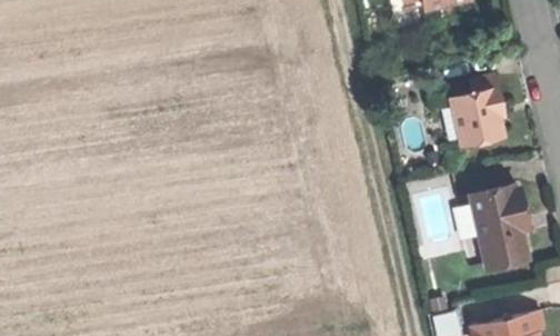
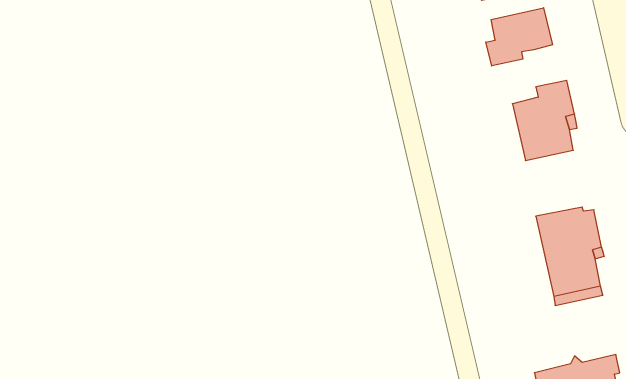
building: none -> [486,8,553,66]

